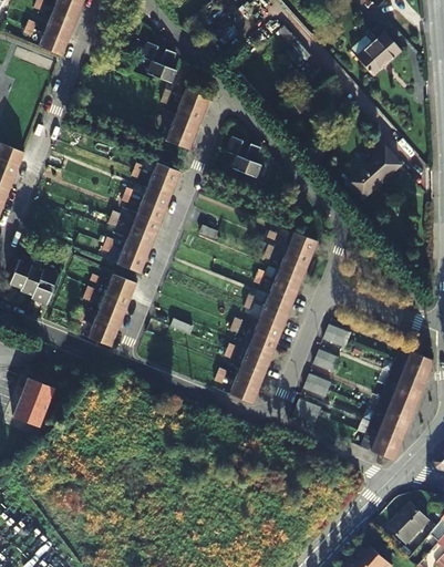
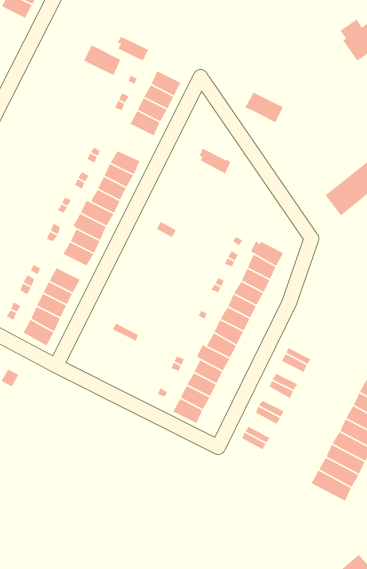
building: [142,43,176,70] -> [83,44,122,76]
building: [225,137,260,164] -> [244,92,284,123]

